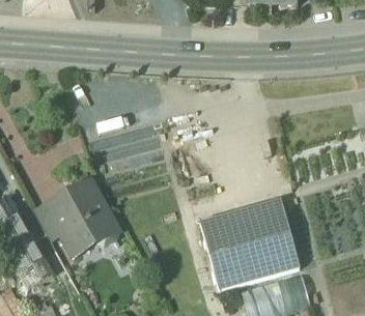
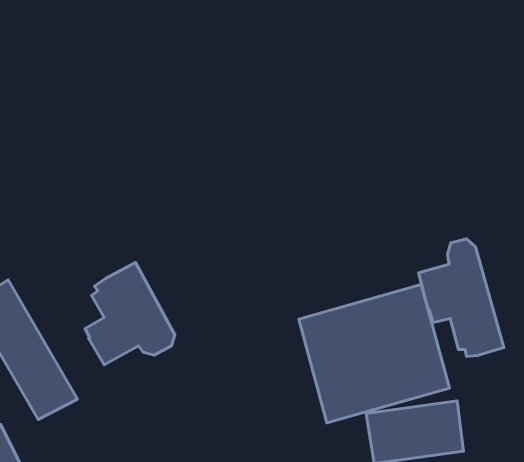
building: none -> [418,239,504,356]
building: [34,195,72,239] -> none

